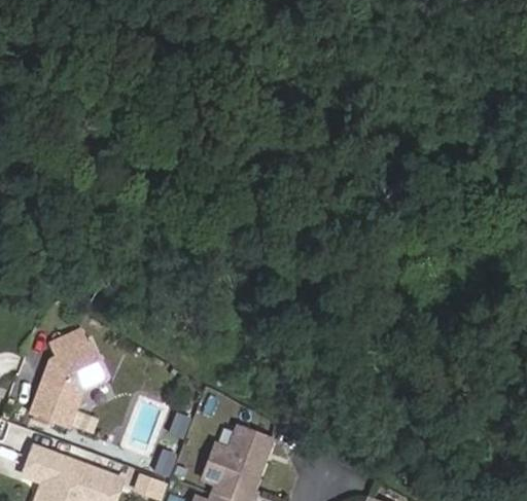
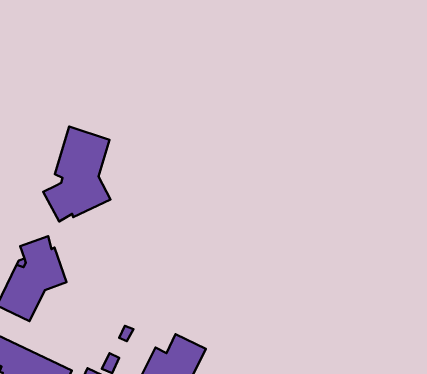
building: none -> [43,127,111,221]

